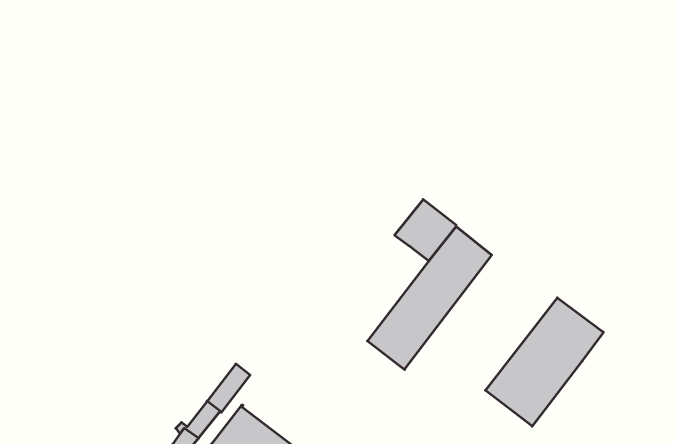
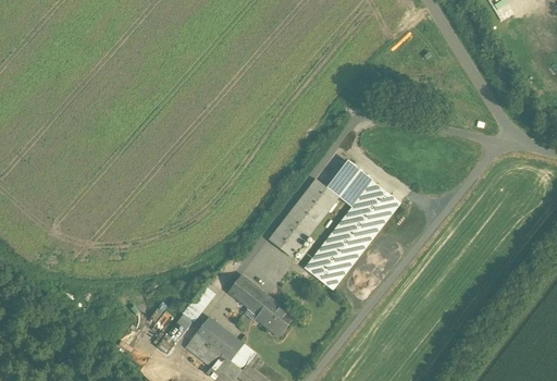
building: none -> [268,179,336,257]
building: [485,298,603,426] -> none
building: none -> [227,275,294,336]

